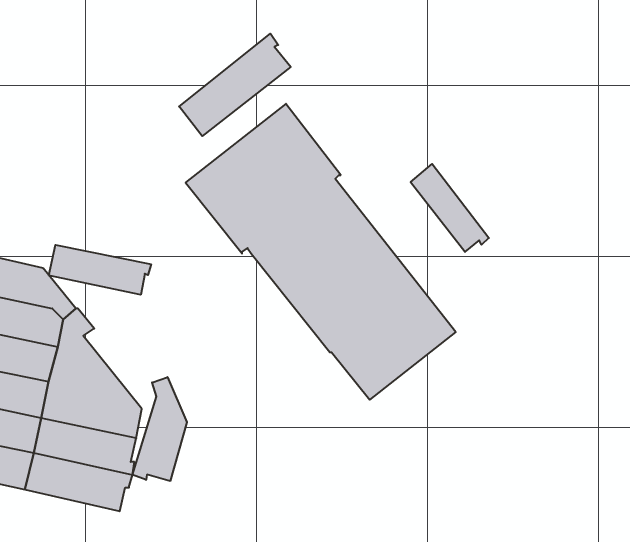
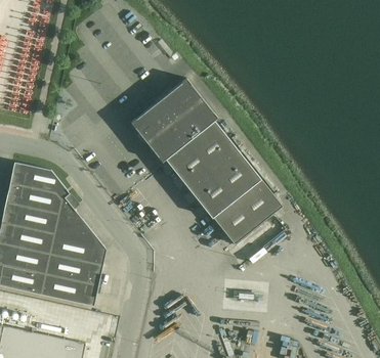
building: [179,34,291,136] -> none
building: [411,164,489,252] -> none
building: [49,245,151,295] -> none
building: [133,377,187,481] -> none

